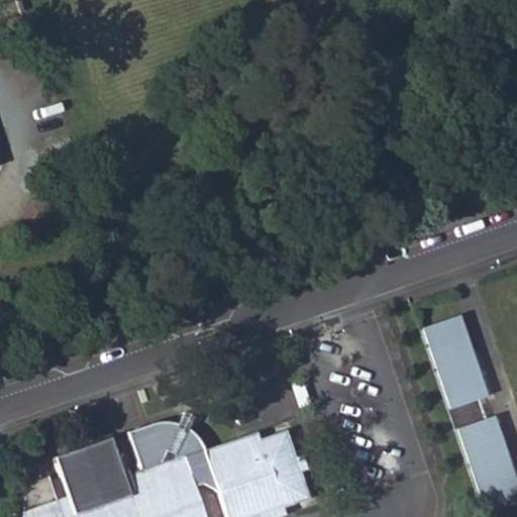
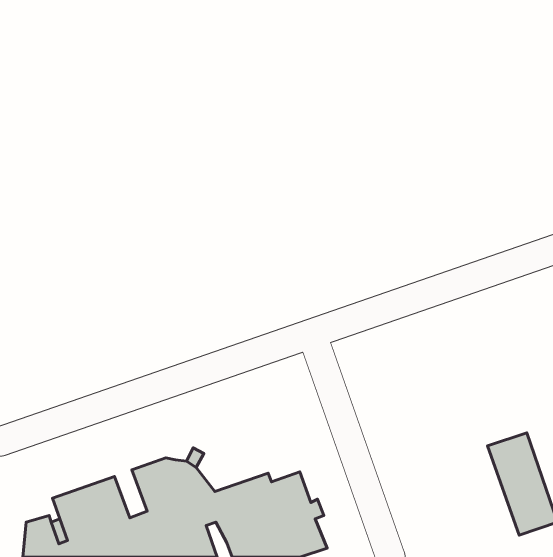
building: [424,310,488,404] -> none

